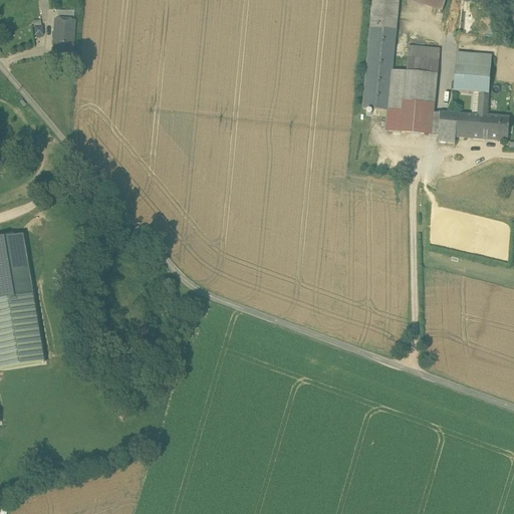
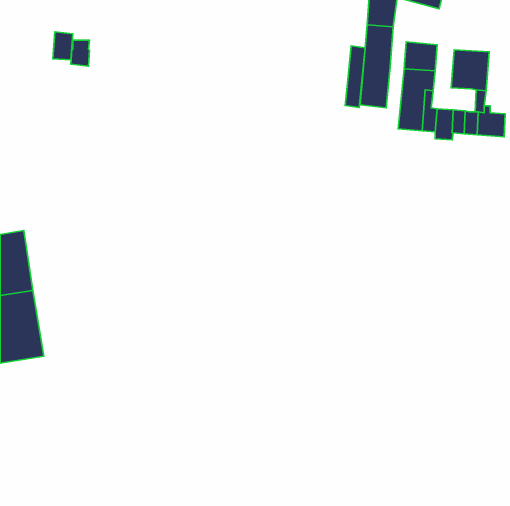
building: [55,8,74,34] -> [71,40,90,66]
building: [387,67,407,130] -> [345,46,365,108]

